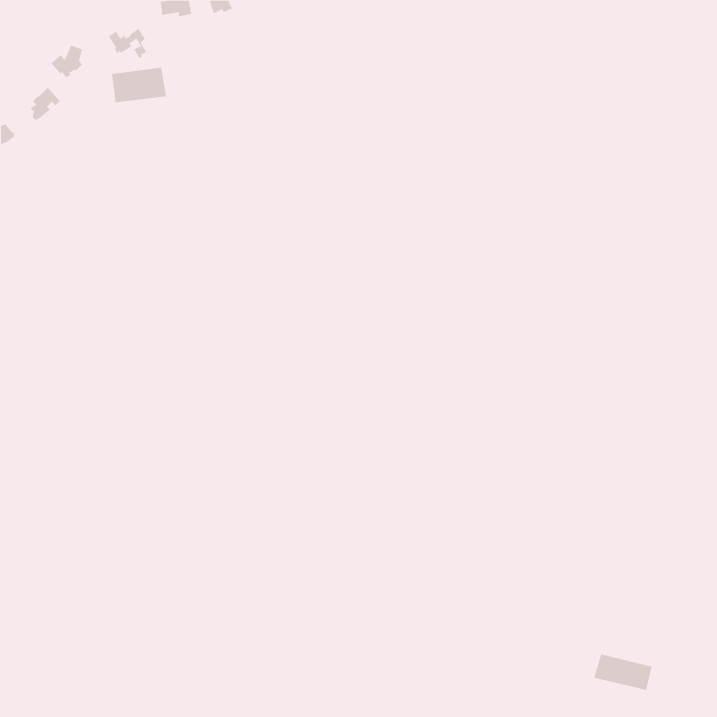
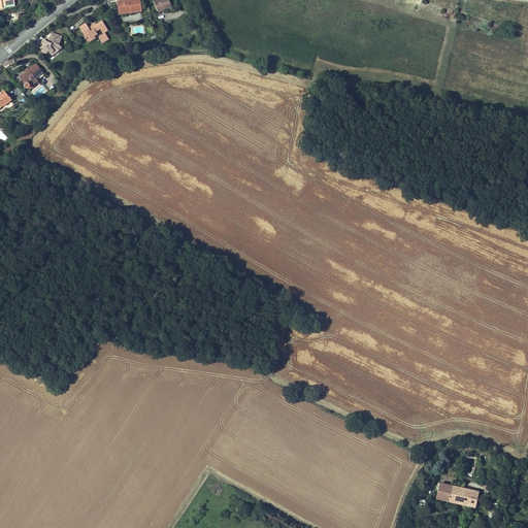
building: [111,67,166,103] -> none

